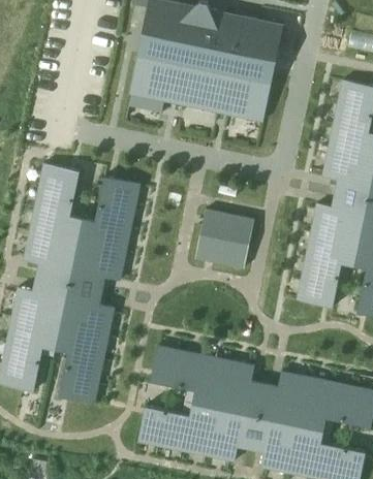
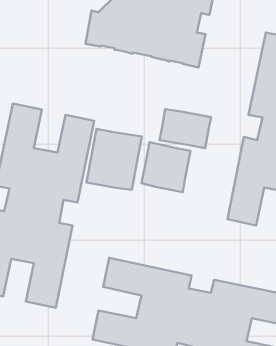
building: none -> [159,109,211,148]
building: none -> [86,129,142,190]

